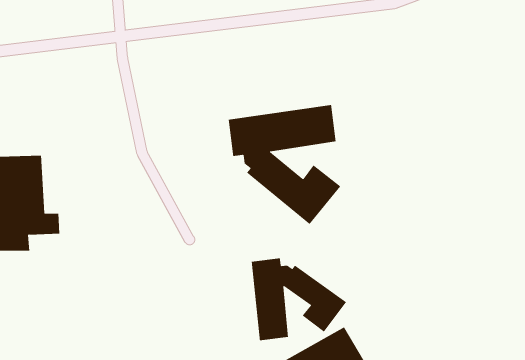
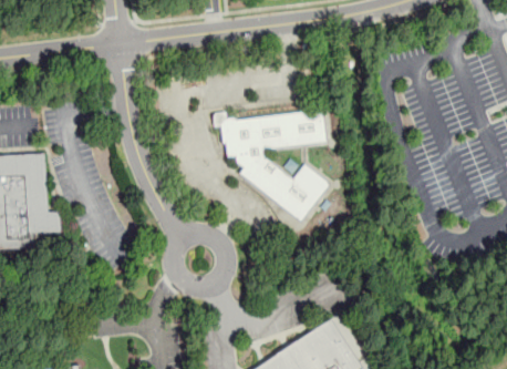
building: [251,258,347,341] -> none

